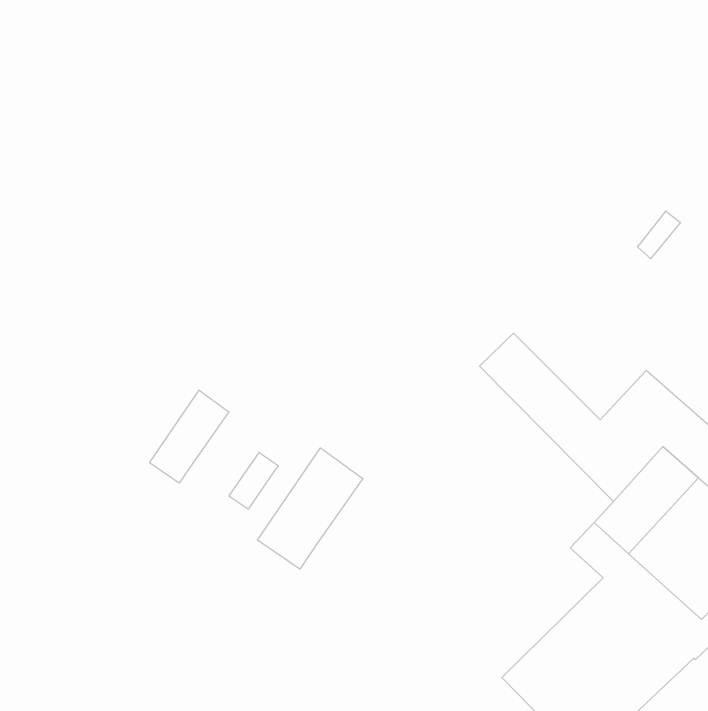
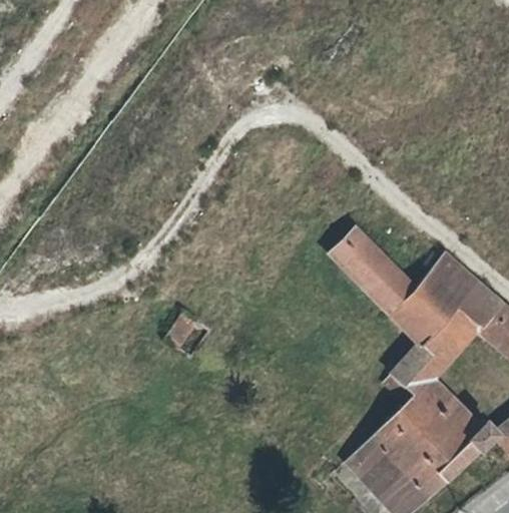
building: [150,390,229,483] -> none
building: [258,448,363,569] -> none

